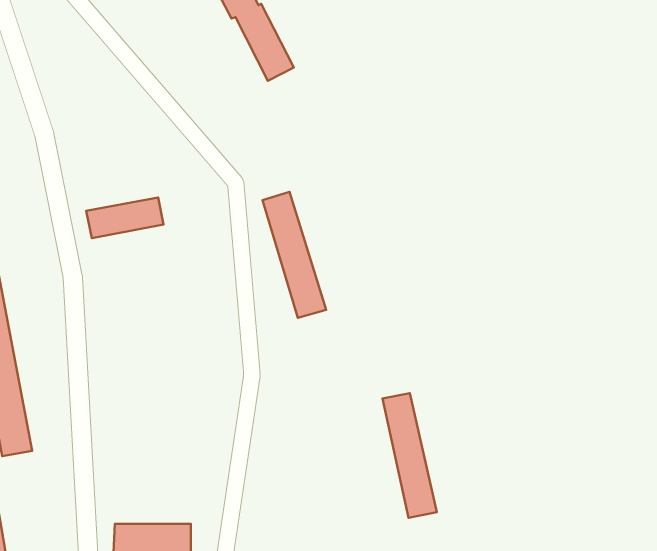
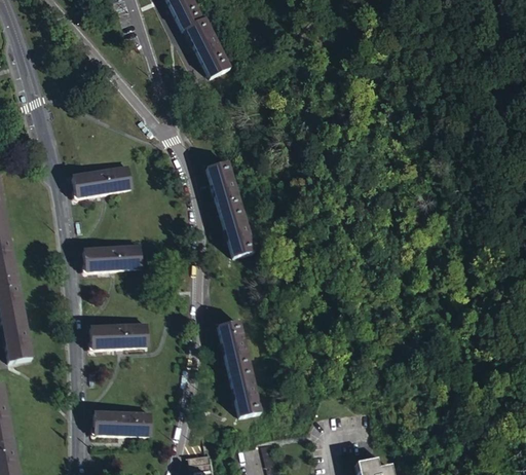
building: none -> [83,244,142,270]
building: [383,393,437,518] -> [219,321,260,415]
building: none -> [90,322,148,349]

